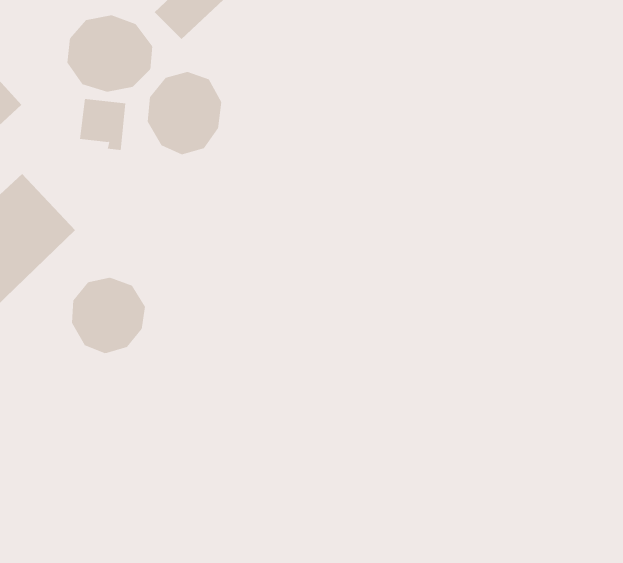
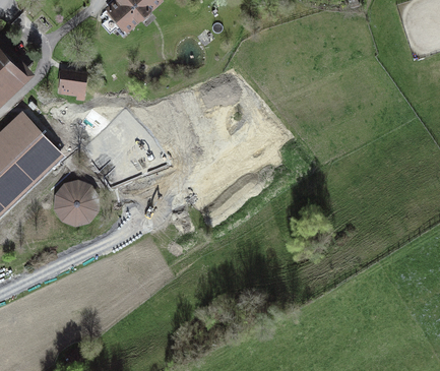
building: [67,14,153,92] -> none
building: [147,71,222,155] -> none

